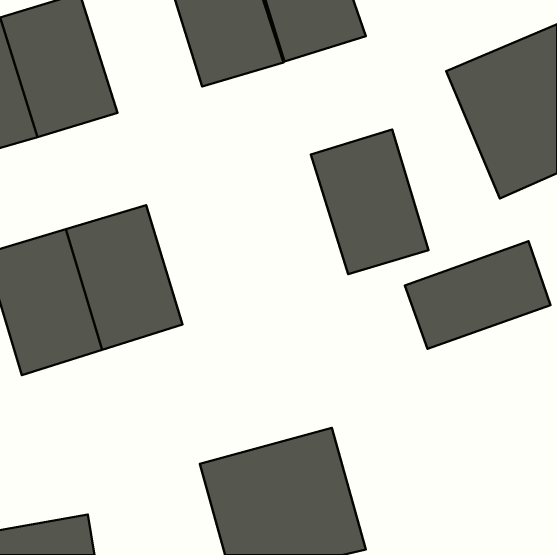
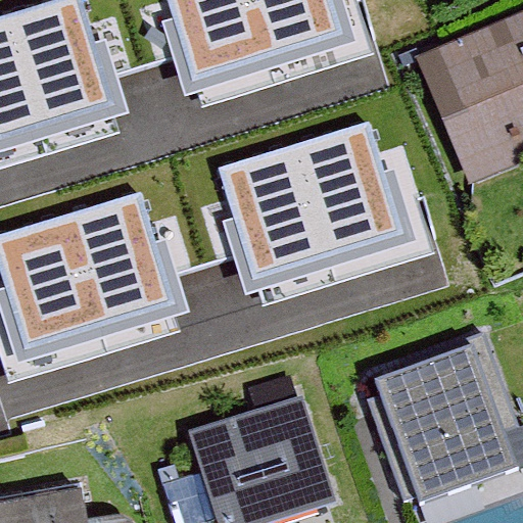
building: none -> [215,144,324,279]
building: [405,241,550,349] -> none
building: none -> [373,352,514,512]

